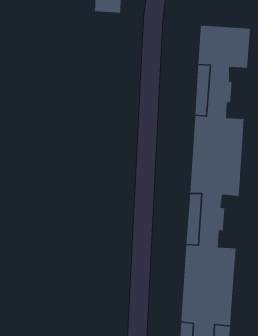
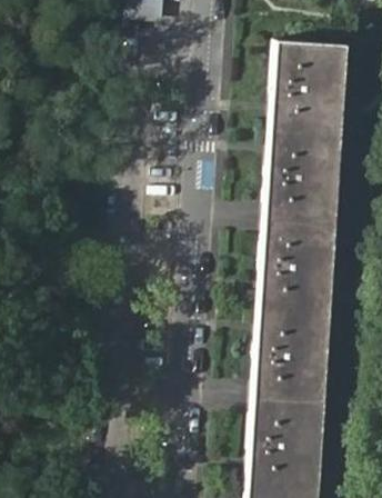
building: none -> [314,100,343,170]
building: none -> [303,276,332,348]

